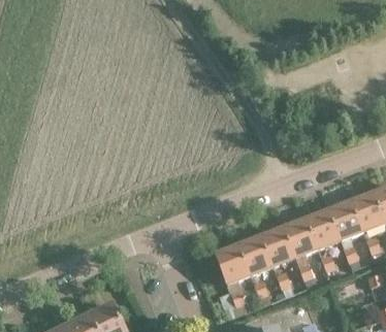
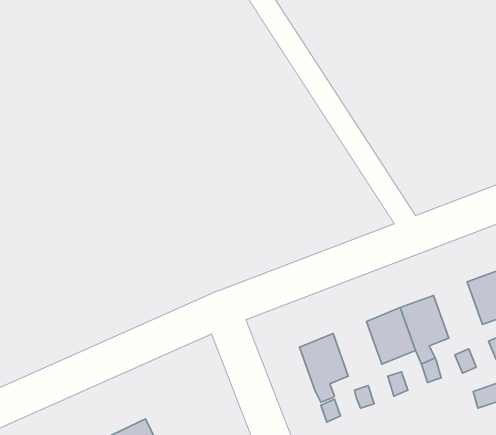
building: [307,209,340,247] -> none
building: [238,236,271,273] -> none

